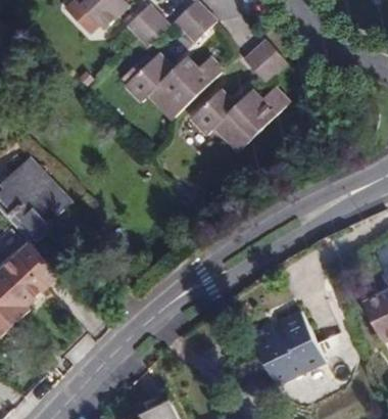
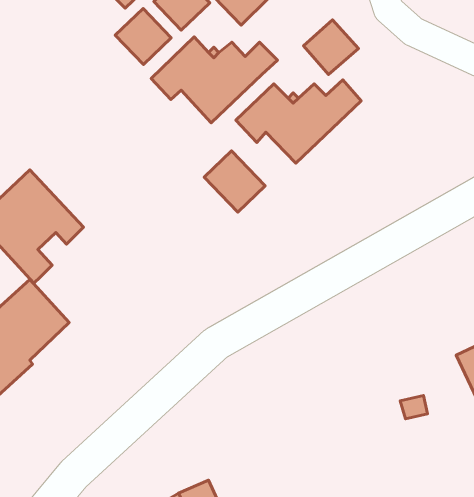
building: none -> [115,8,171,64]
building: none -> [204,151,265,212]
building: [248,311,325,385] -> none

